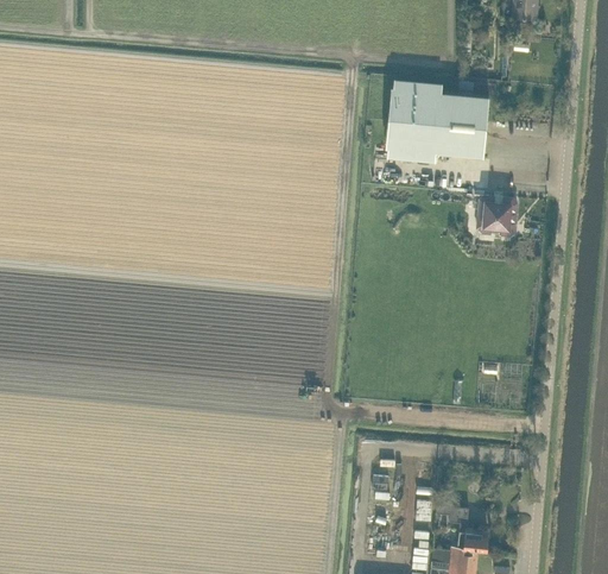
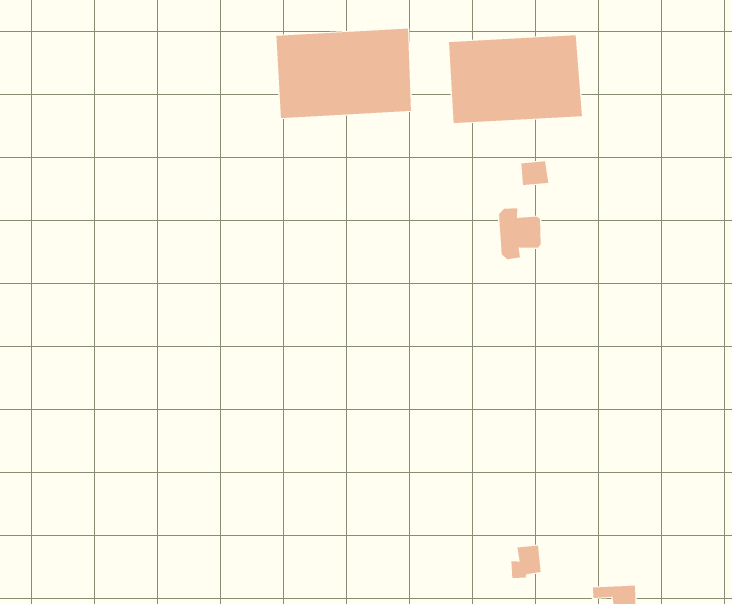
building: none -> [276,28,411,119]
building: [476,197,509,235] -> [498,208,542,260]

